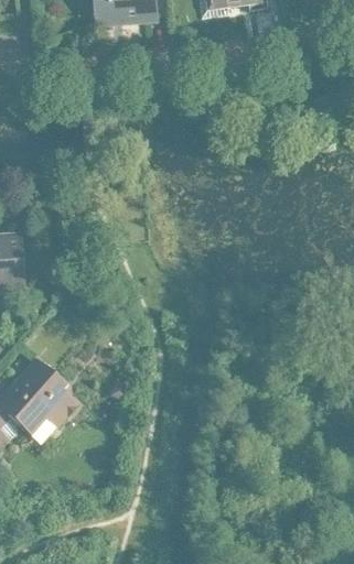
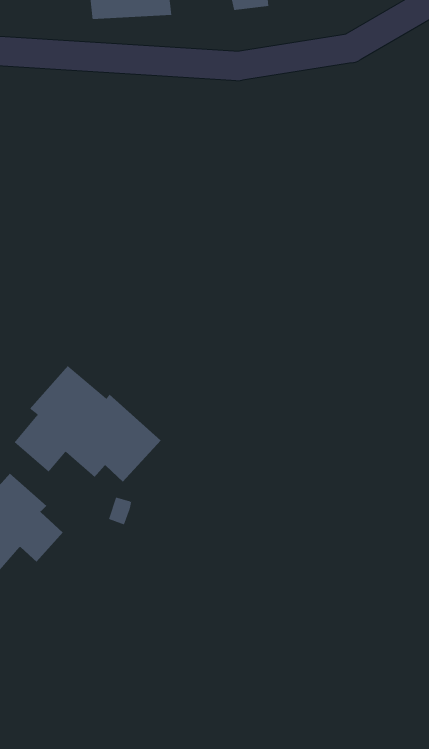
building: none -> [14,365,162,483]

